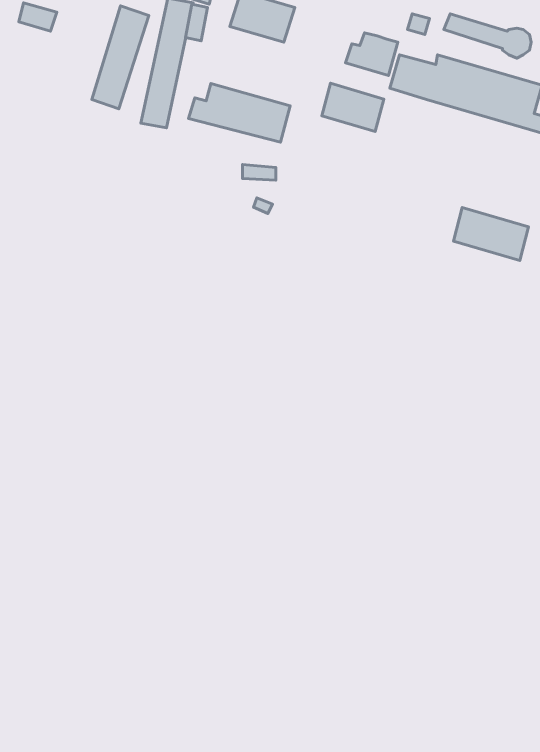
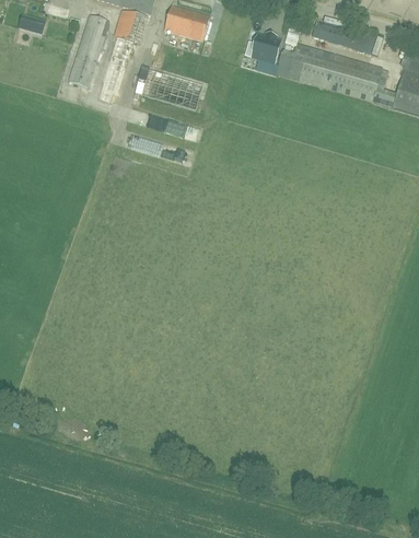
building: [322,83,384,132] -> none
building: [453,208,529,261] -> none

